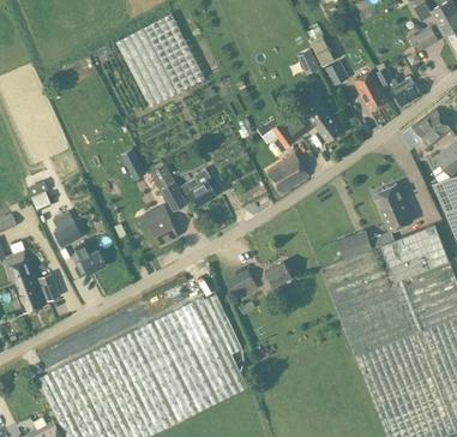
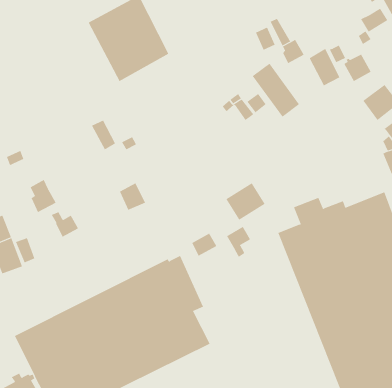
building: [266,152,309,193] -> [225,182,266,221]
building: [162,168,216,210] -> none
building: [373,182,413,231] -> none

